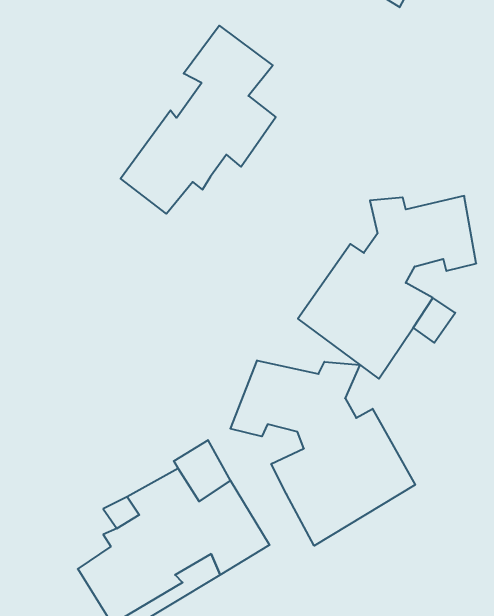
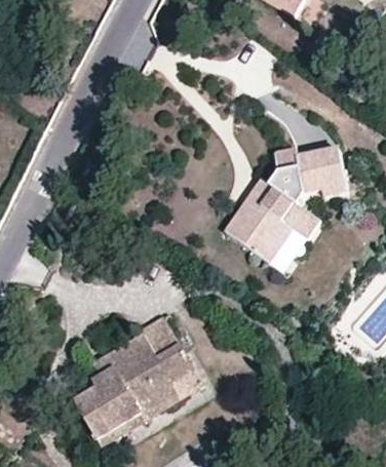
building: [121,26,276,214] -> none
building: [230,360,415,546] -> none

